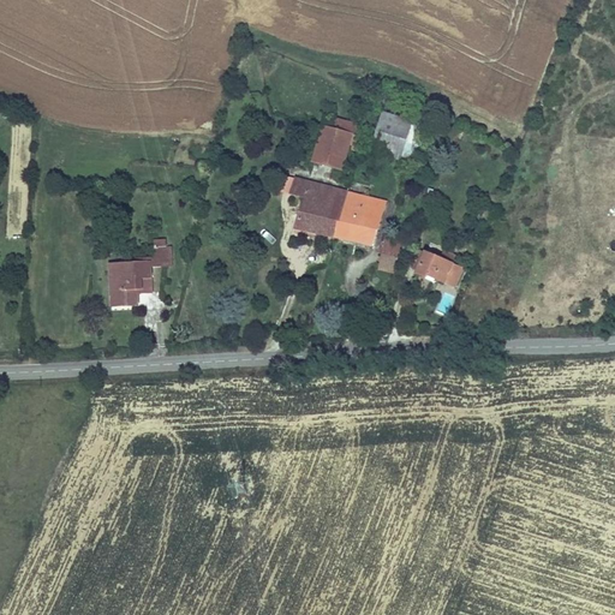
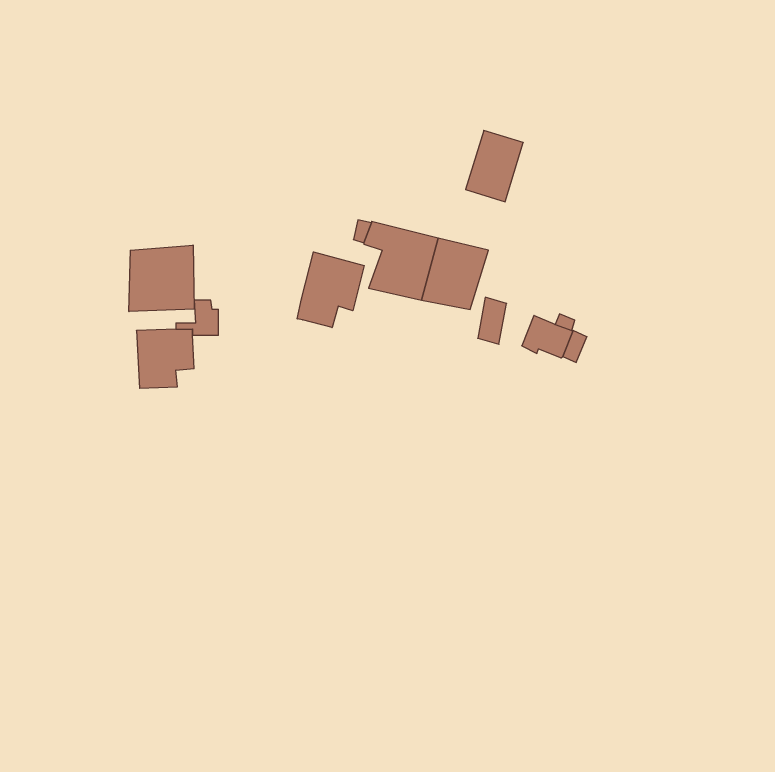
building: [310,113,363,171] -> none
building: none -> [129,245,194,312]
building: none -> [297,252,364,328]

